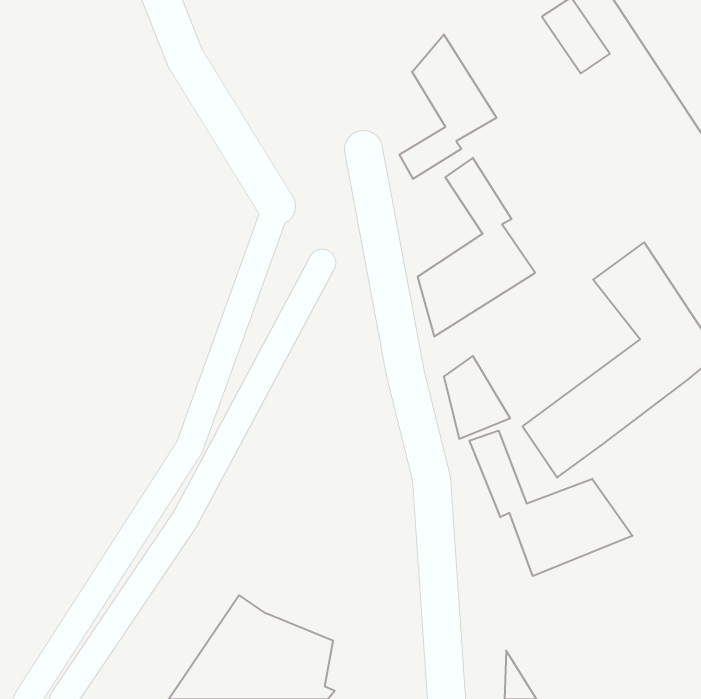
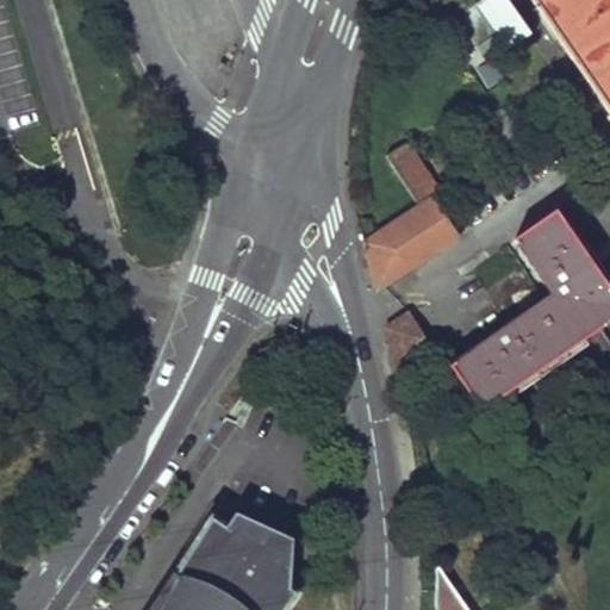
building: [399,34,496,179] -> none
building: [470,431,633,576] -> none

